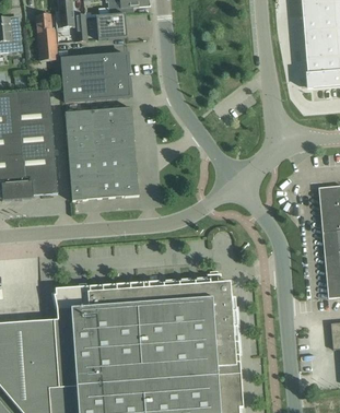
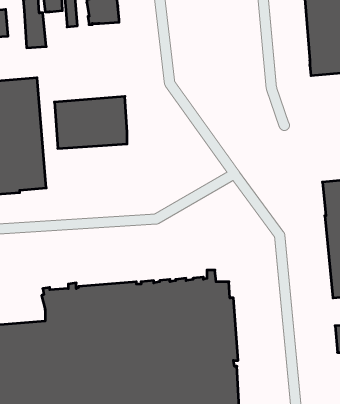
building: [62,54,132,102] -> none
building: [69,152,139,201] -> none

